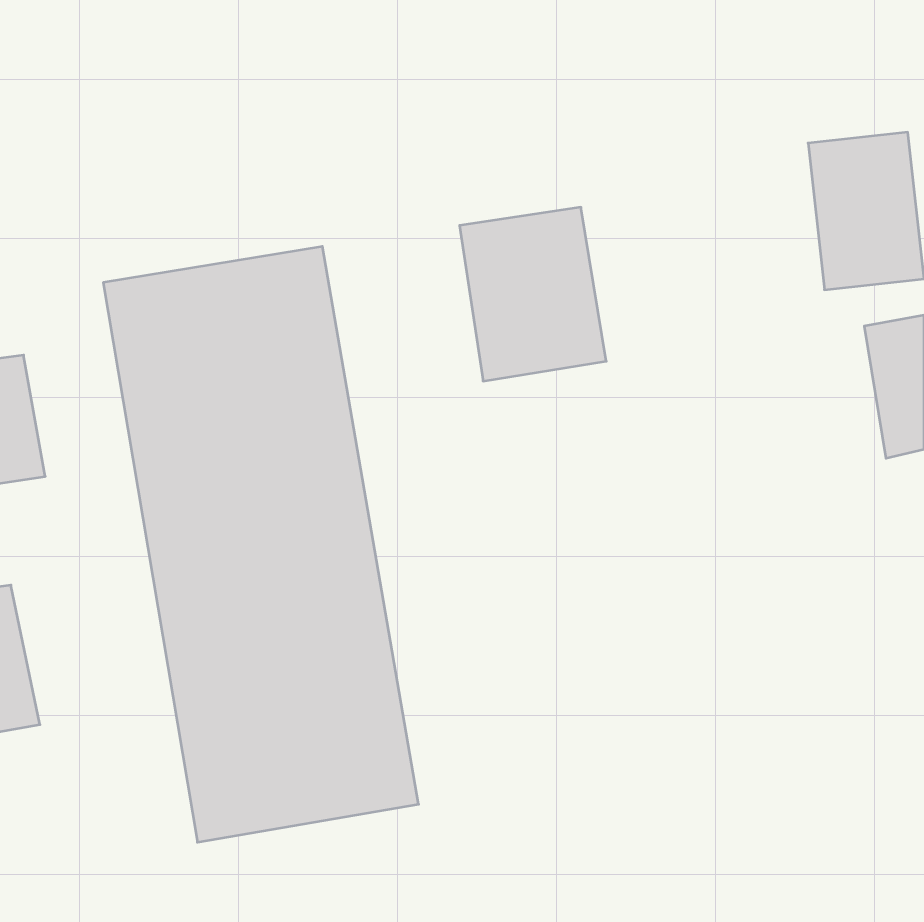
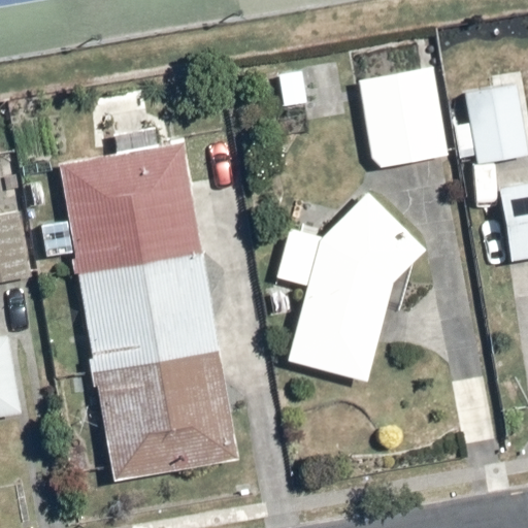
building: [460,207,606,381] -> [359,68,442,167]
building: none -> [287,192,426,383]

